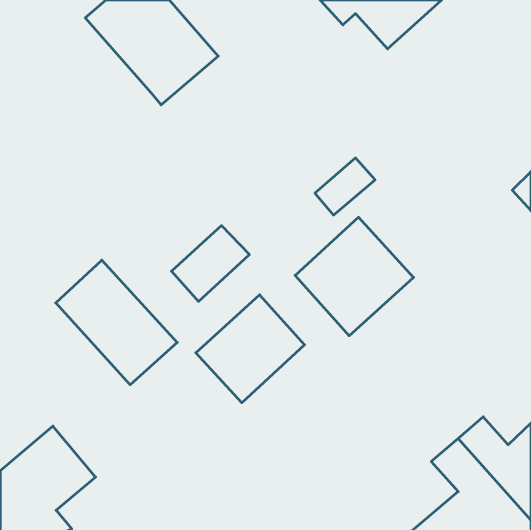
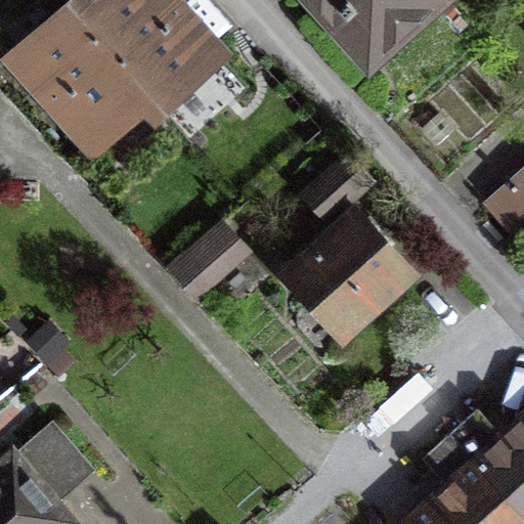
building: none -> [18,8,148,141]
building: [56,260,177,385] -> none
building: [196,295,305,403] -> none

